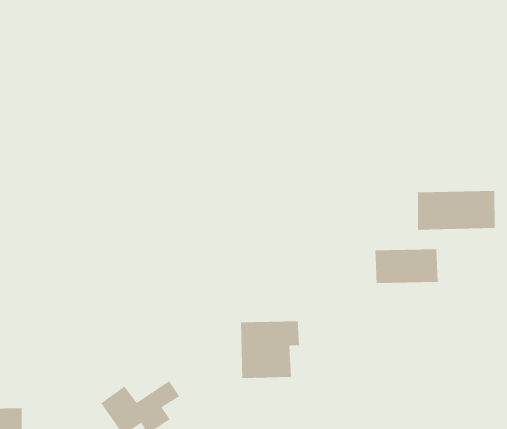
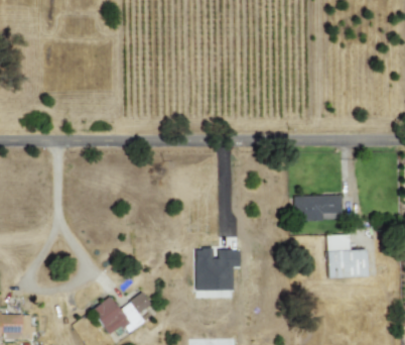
building: [417,190,495,230] -> none
building: none -> [326,235,368,278]

